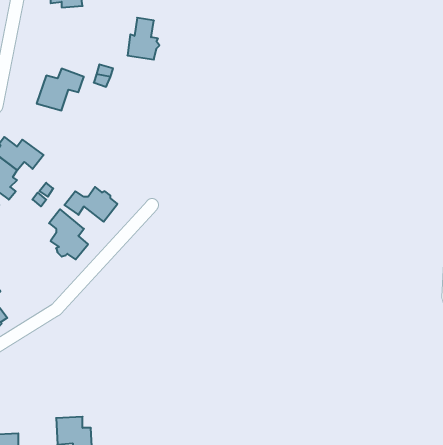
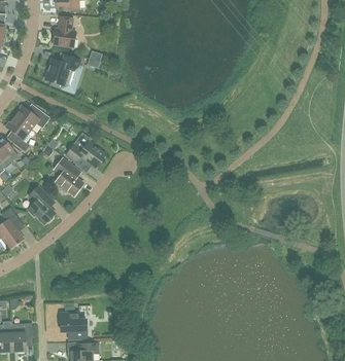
building: [127,18,159,60] -> [53,16,76,47]
building: none -> [27,186,54,224]

